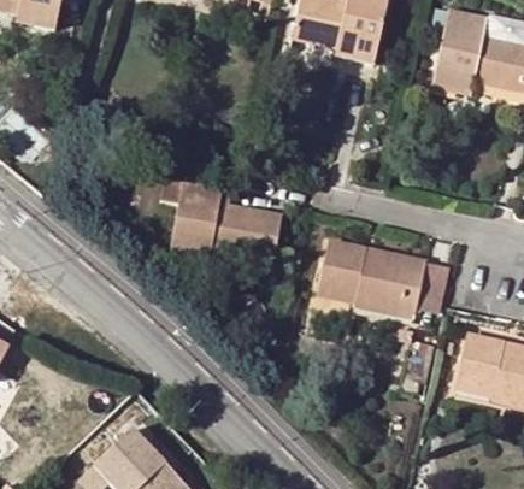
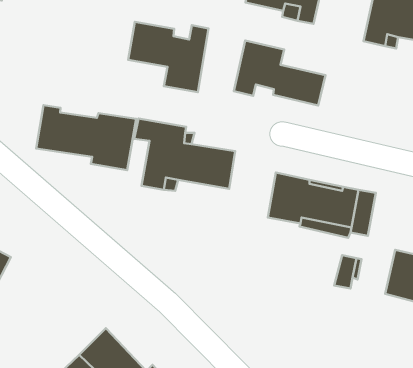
building: none -> [128,22,209,92]
building: none -> [234,40,326,105]
building: none -> [36,105,136,170]

